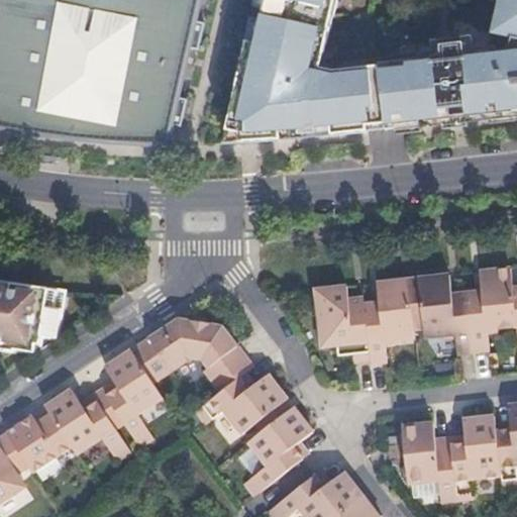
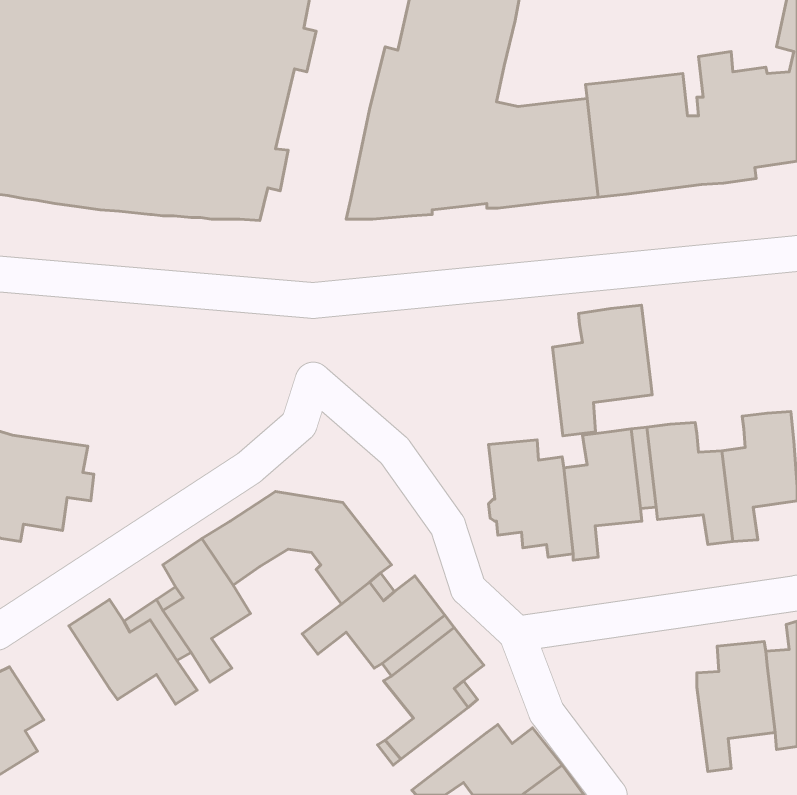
building: none -> [552,305,652,436]
building: [6,404,71,471] -> none
building: [401,420,456,500] -> none

